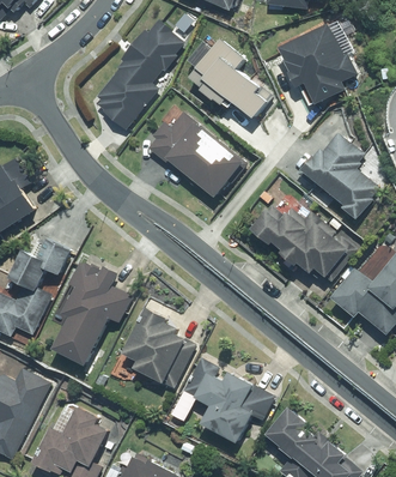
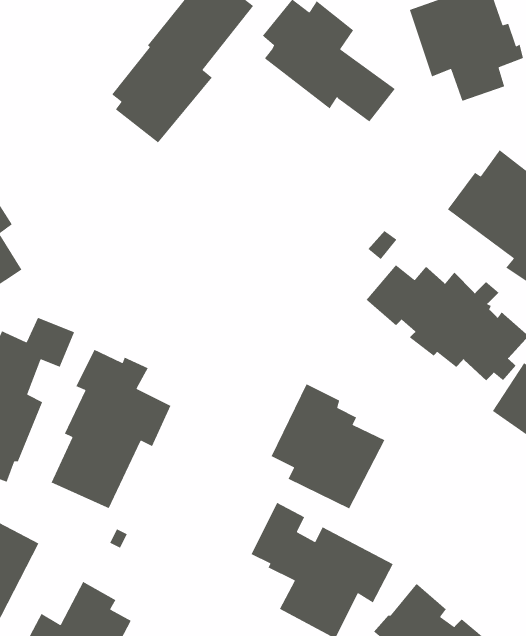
building: [147,111,246,199] -> none
building: [120,308,193,388] -> [270,383,385,509]

